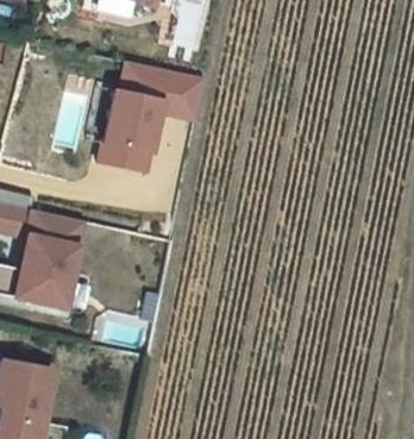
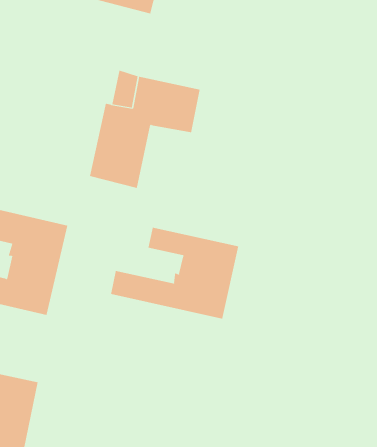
building: none -> [111,227,239,320]

